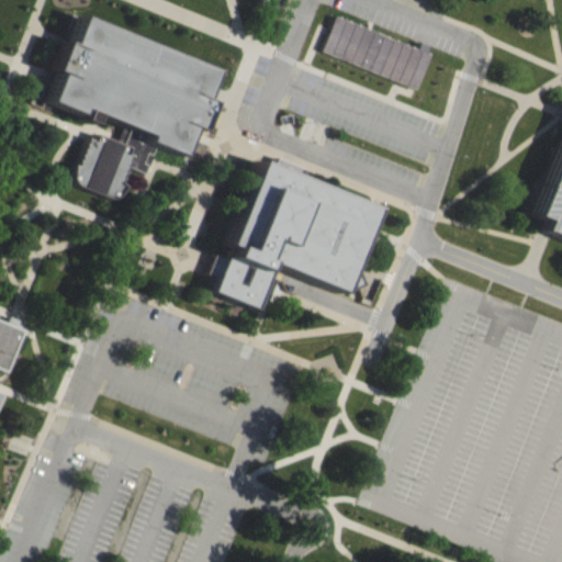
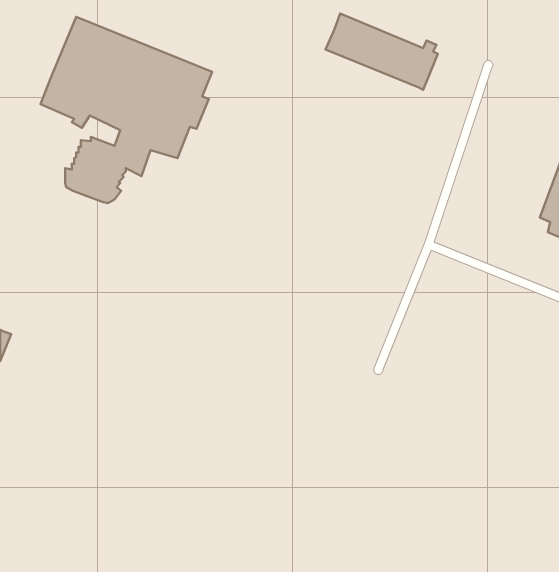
building: [218,160,381,308] -> none

